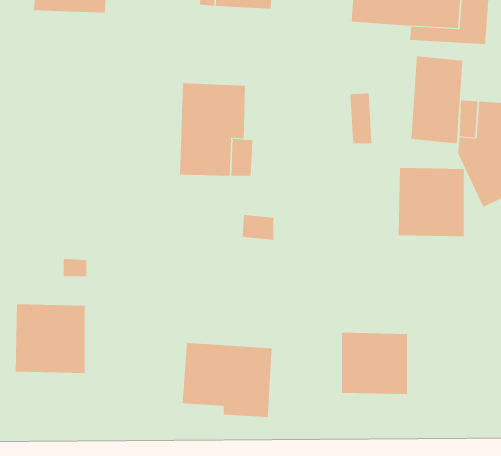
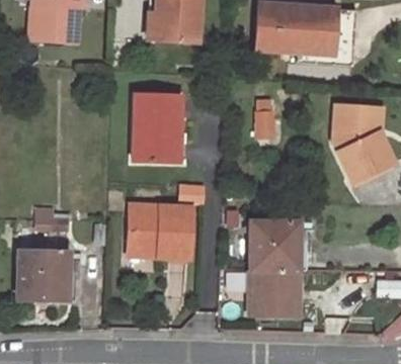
building: [411,55,463,144] -> none
building: [398,167,465,237] -> [249,222,297,272]
building: [182,342,273,418] -> [127,202,191,256]

